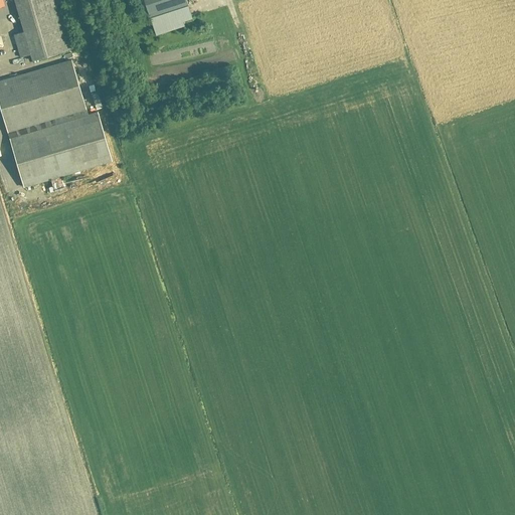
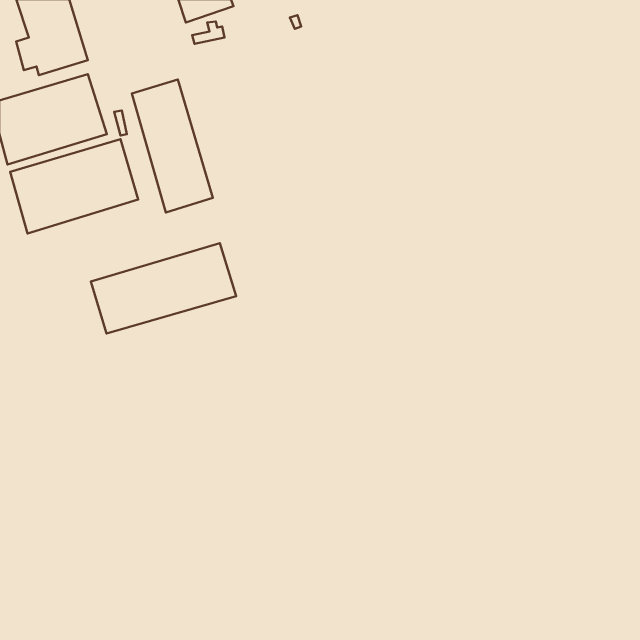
building: none -> [132,80,213,212]
building: none -> [91,243,236,334]

